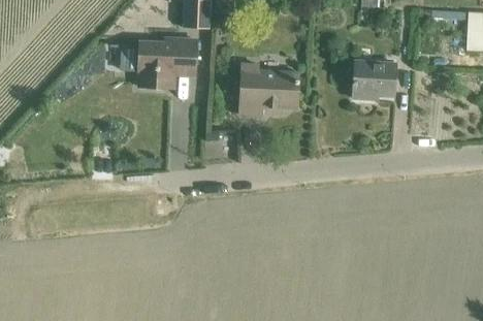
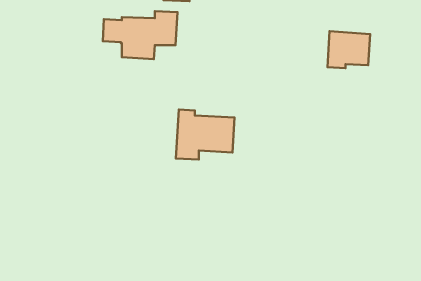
building: [238,63,299,115] -> [176,110,235,160]

